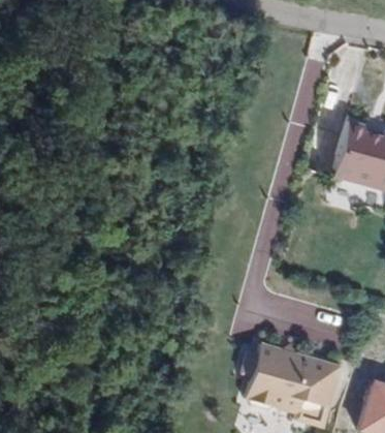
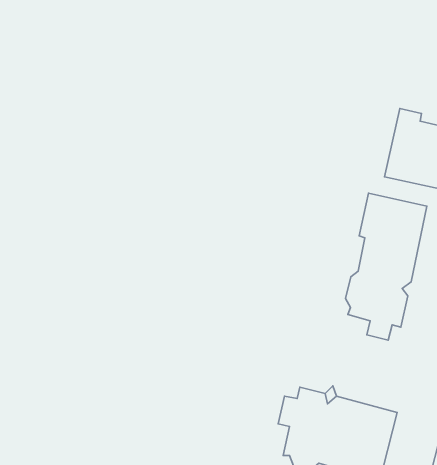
building: none -> [345,193,427,340]

